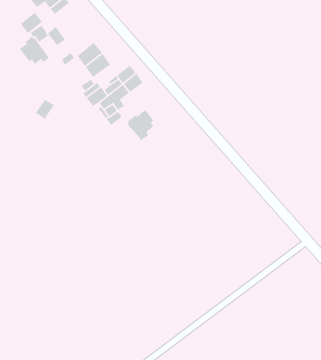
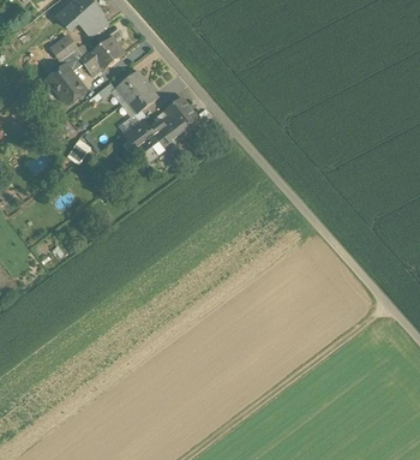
building: none -> [91,35,125,67]
building: [126,109,155,141] -> none

